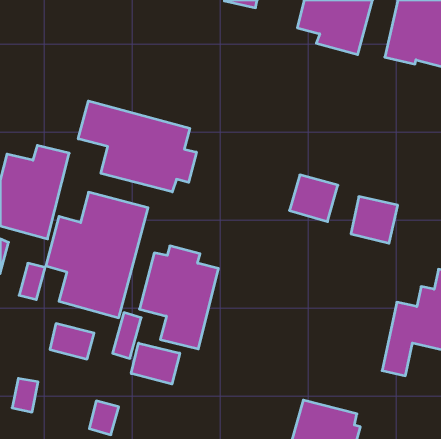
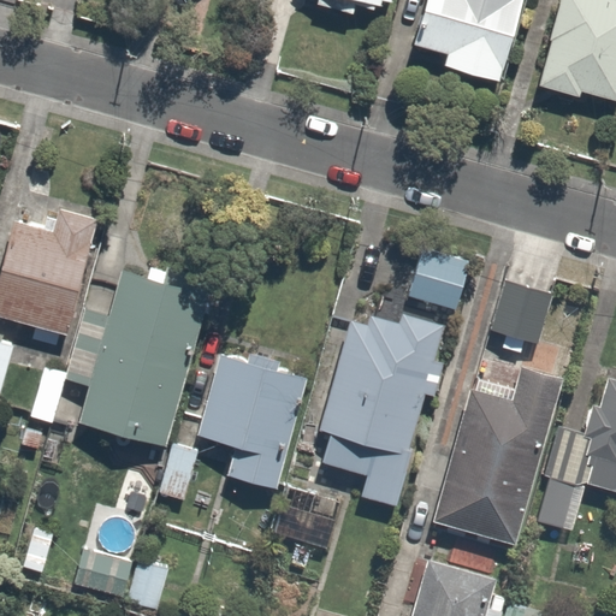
building: [78,101,196,192] -> none
building: none -> [319,310,444,503]
building: none -> [432,367,561,544]
building: [50,324,94,359] -> [71,550,132,599]
building: [131,343,180,384] -> none

